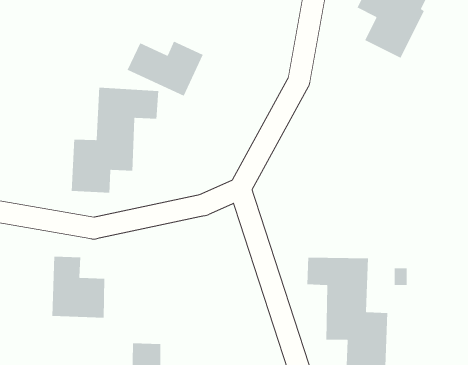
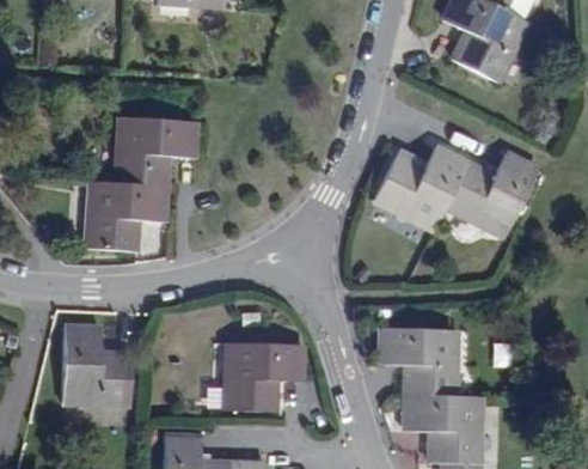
building: [126,40,204,97] -> none
building: none -> [374,148,539,236]
building: none -> [225,342,304,410]

